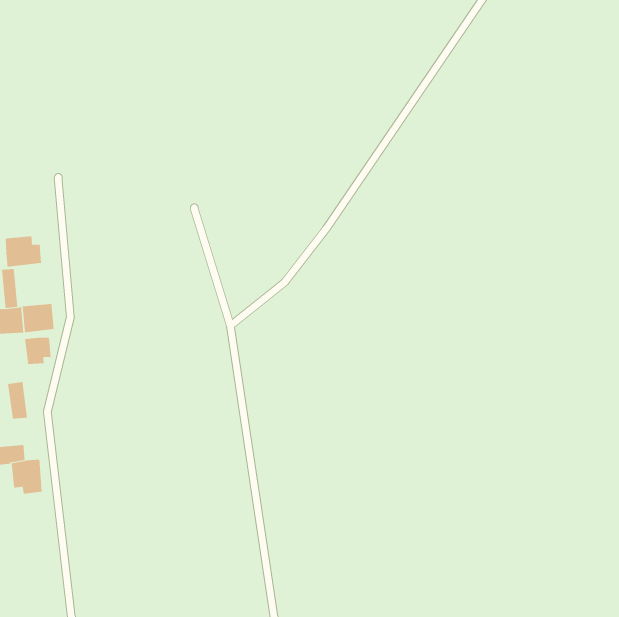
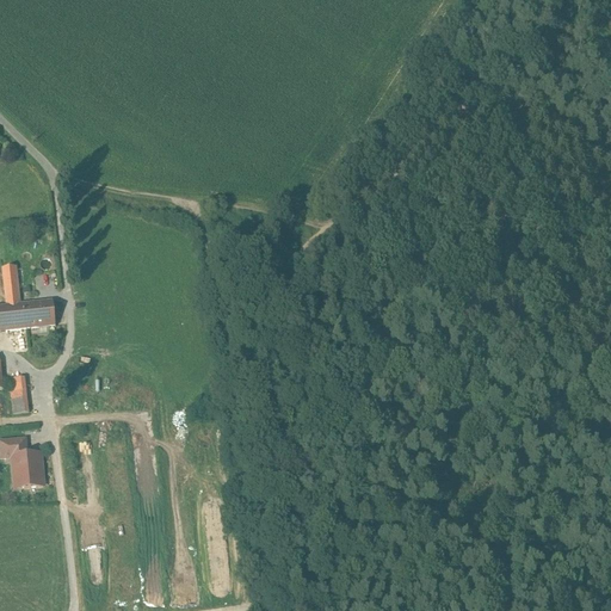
building: [5,235,41,267] -> none
building: [25,337,51,365] -> none

